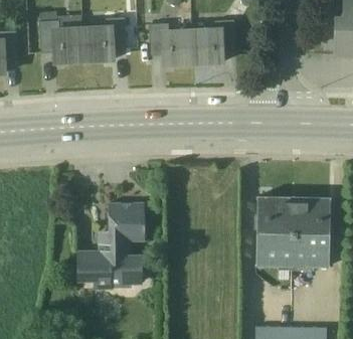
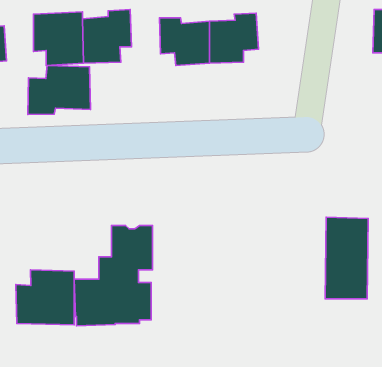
building: none -> [28,65,90,115]
building: [256,196,294,267] -> none
building: none -> [16,270,74,325]

